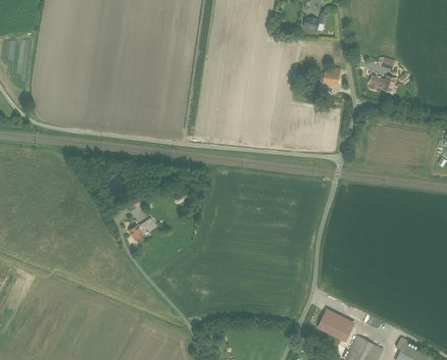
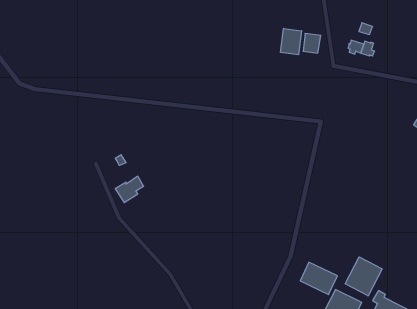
building: none -> [281,28,302,55]
building: none -> [345,257,382,296]

